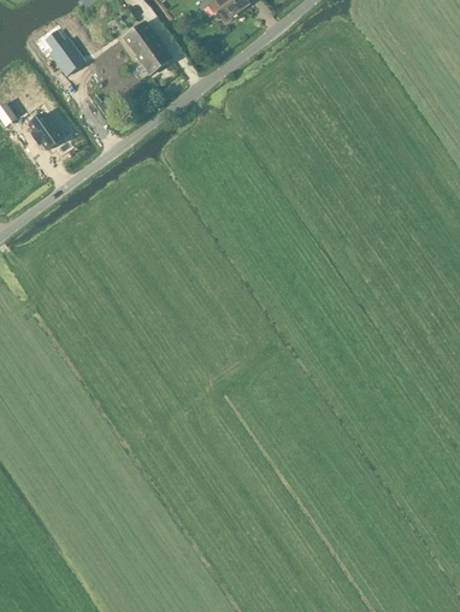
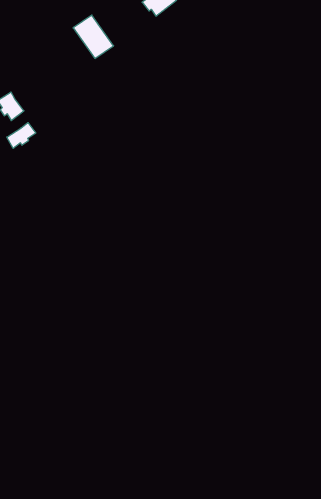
building: [47,29,87,73] -> none
building: none -> [7,123,36,148]

